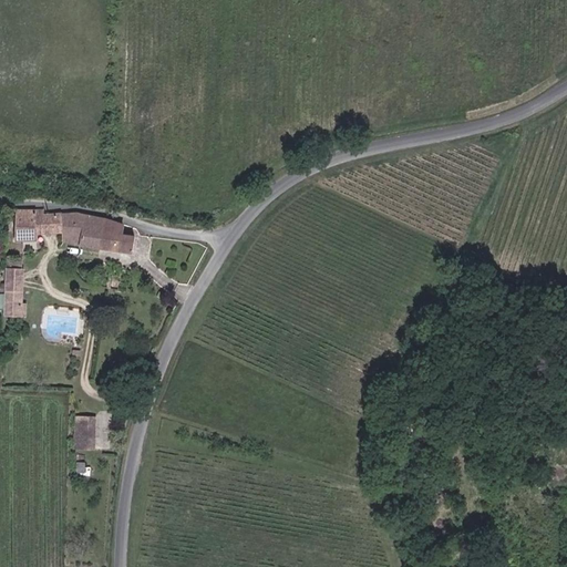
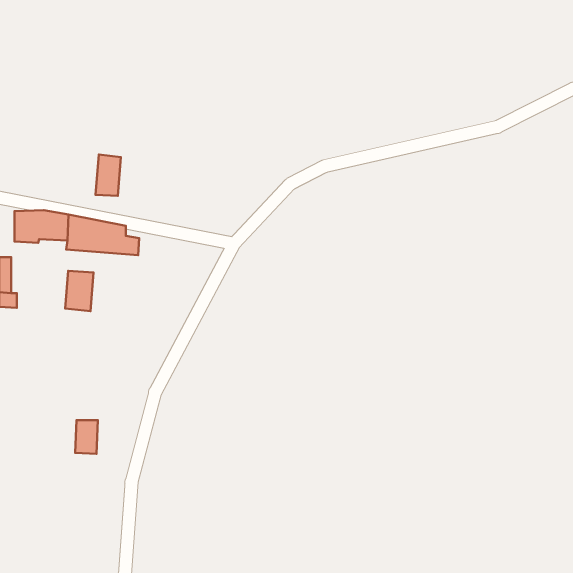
building: none -> [96,154,121,196]
building: none -> [65,271,94,311]

